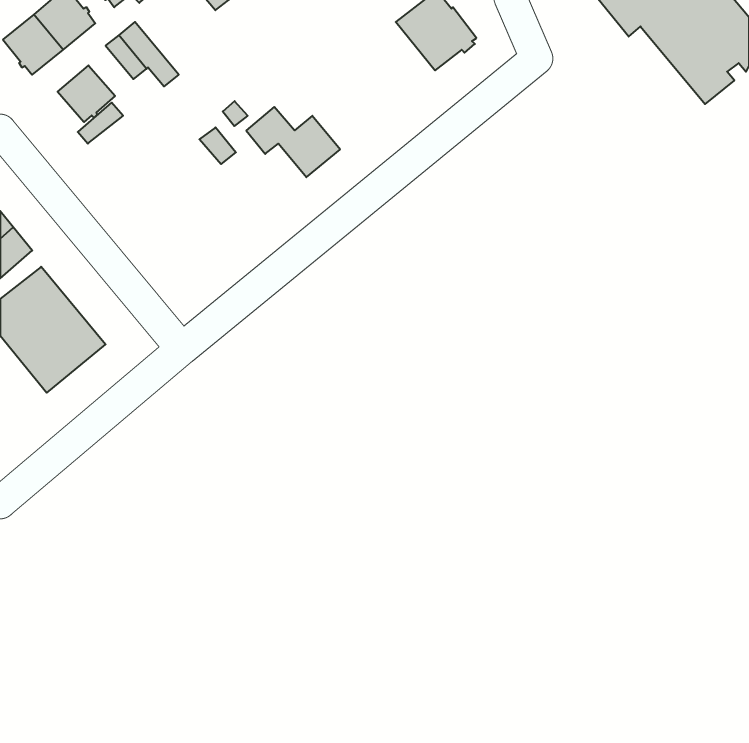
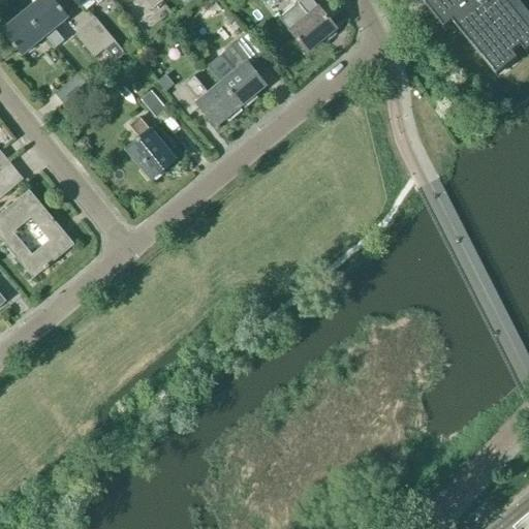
building: none -> [220,36,266,105]
building: [58,65,115,122] -> none
building: none -> [127,115,176,179]

